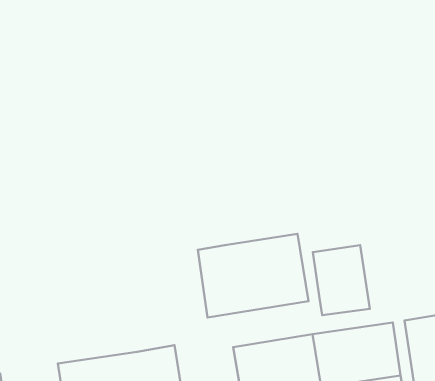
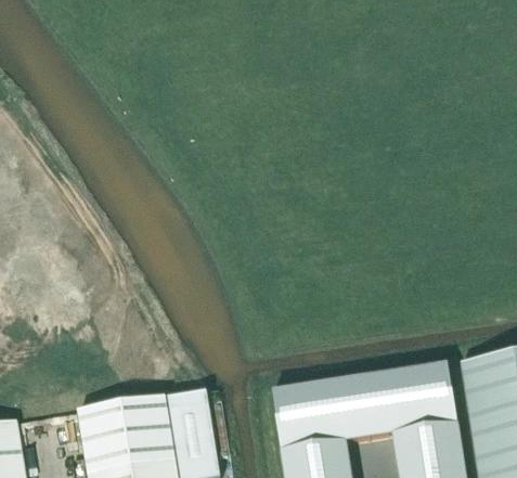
building: [198,234,308,317] -> none
building: [313,245,370,315] -> none

